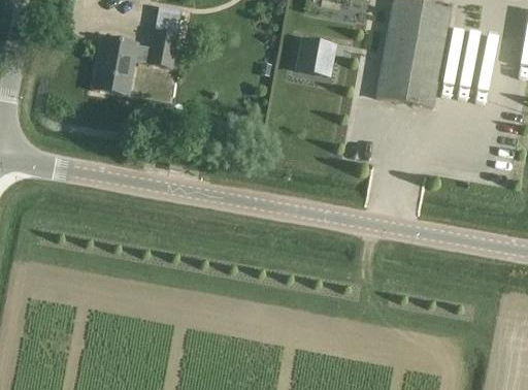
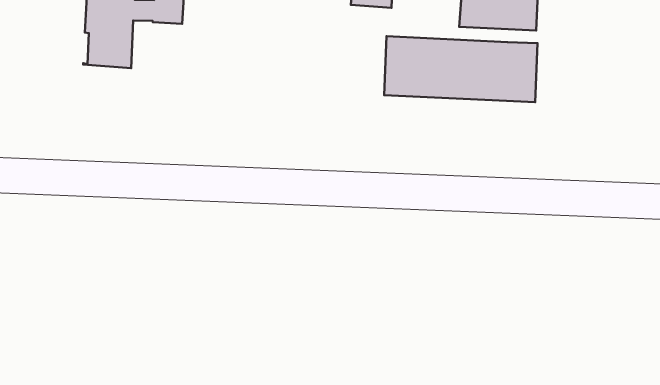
building: none -> [384,36,538,102]

